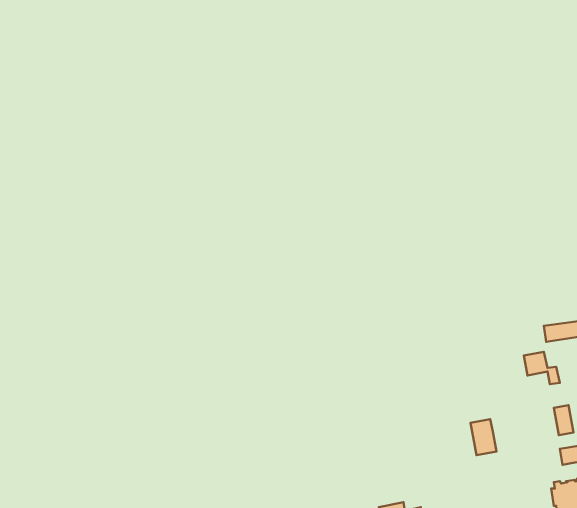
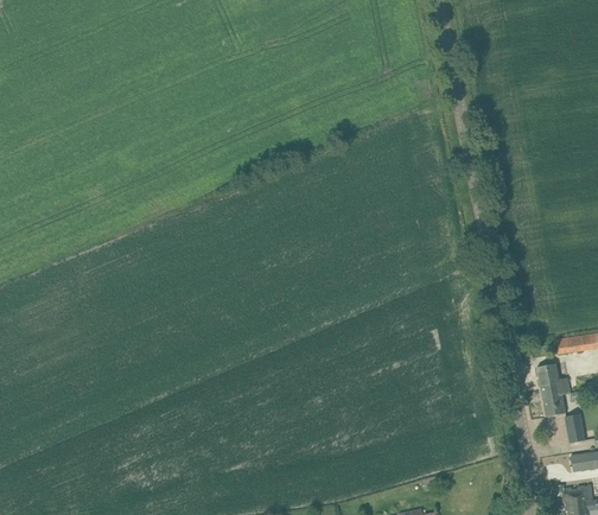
building: [470,419,496,455] -> [540,382,565,417]

